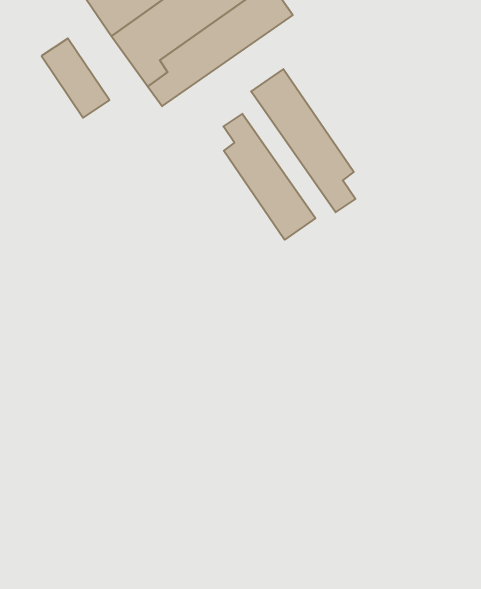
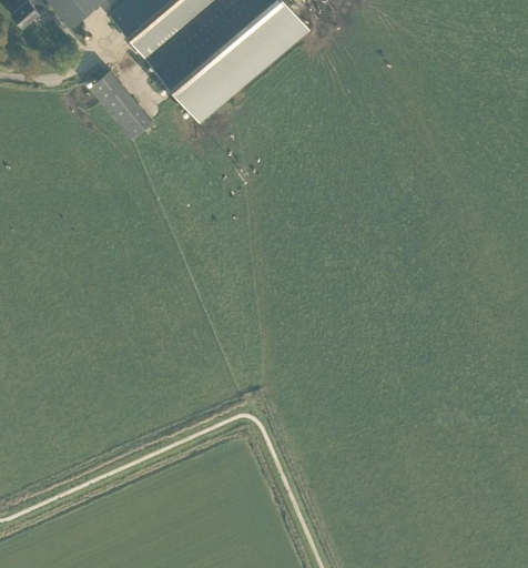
building: [251,69,355,212] -> none
building: [223,114,315,240] -> none

